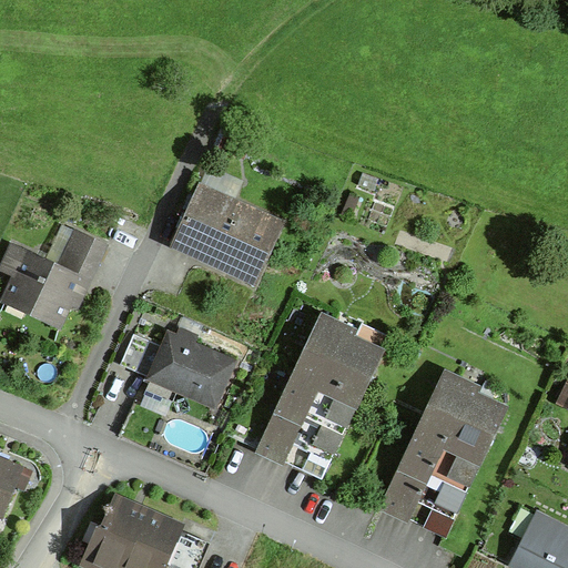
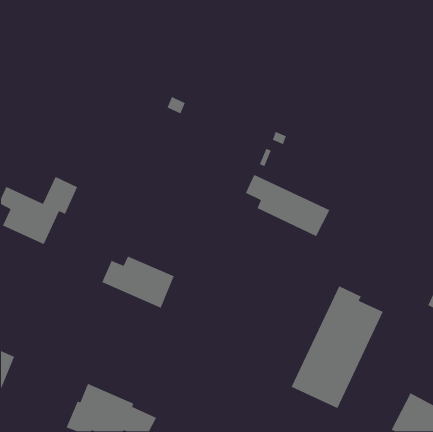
building: [172,185,280,281] -> none
building: none -> [245,174,331,237]
building: [257,316,378,477] -> none

